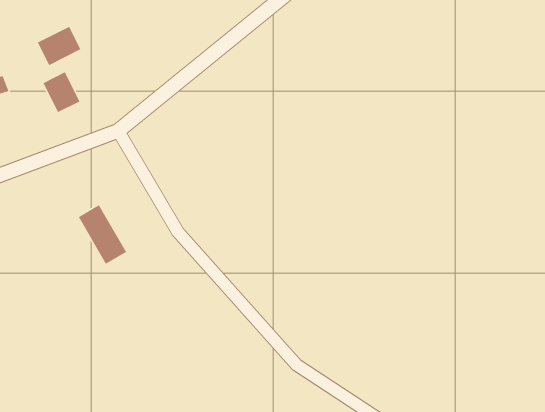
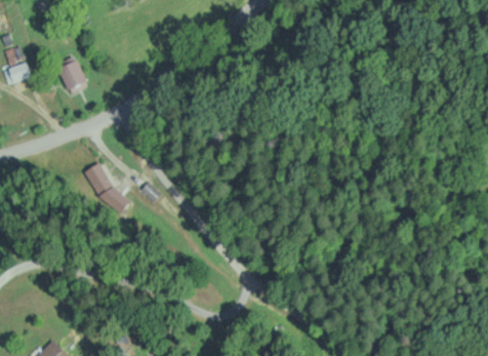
building: [37,26,81,66] -> none

